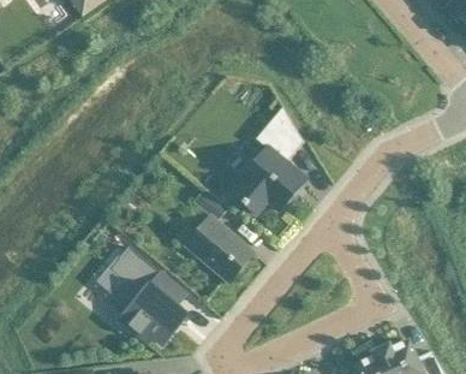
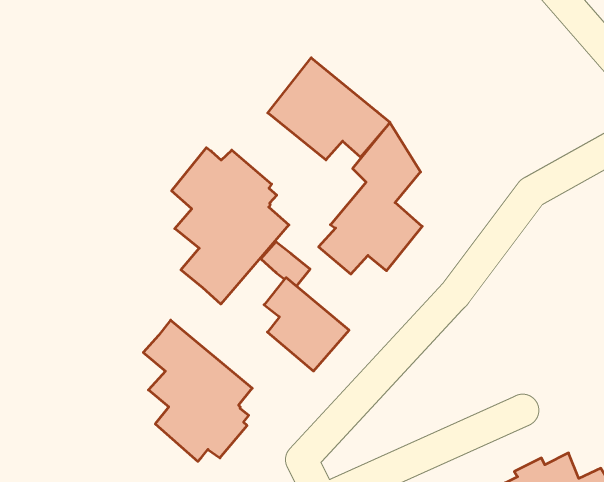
building: none -> [268,58,390,160]
building: none -> [172,148,289,304]

